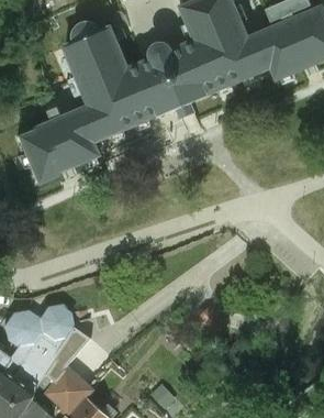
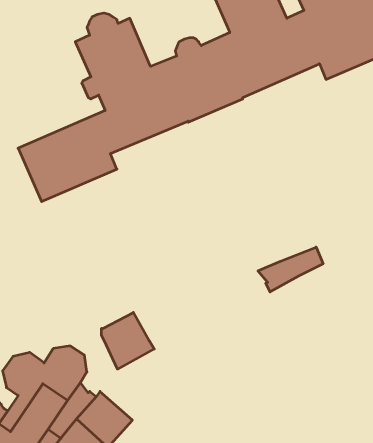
building: none -> [258,247,323,292]
building: none -> [101,312,154,369]

